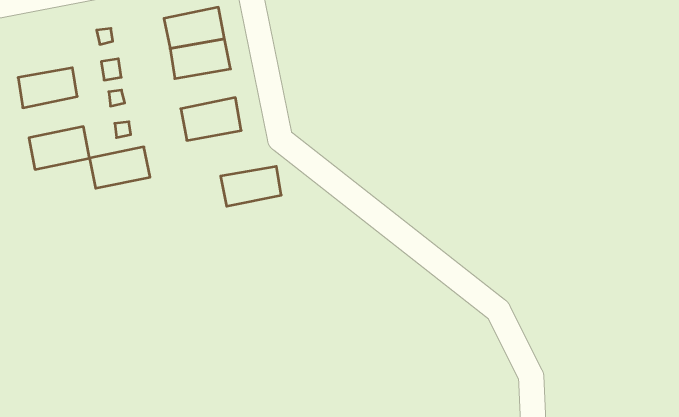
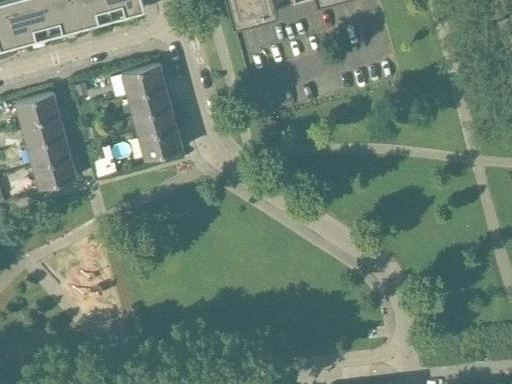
building: none -> [16,97,60,129]
building: [89,147,150,188] -> [27,139,71,171]
building: [221,166,281,206] -> [133,111,177,142]

